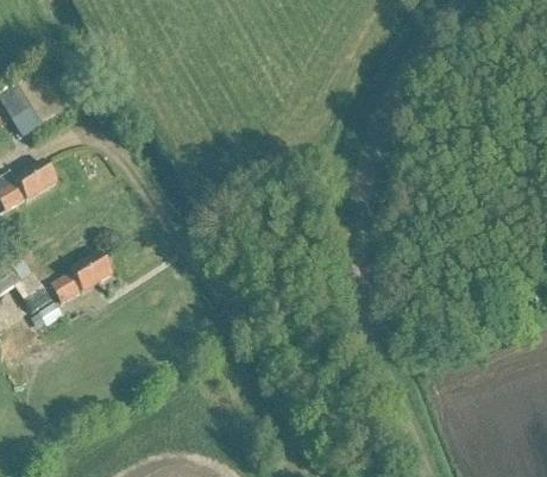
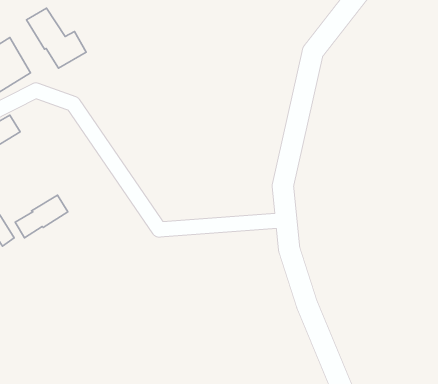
building: none -> [27,8,86,68]

